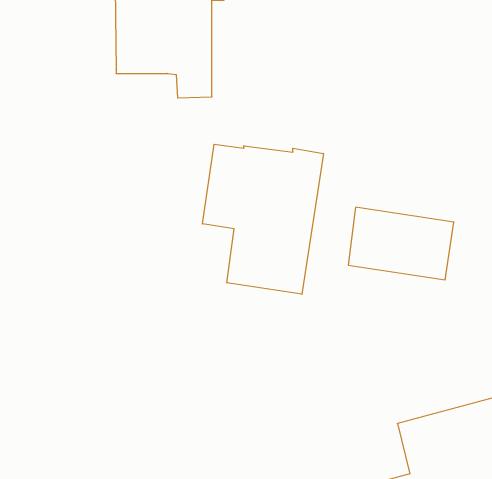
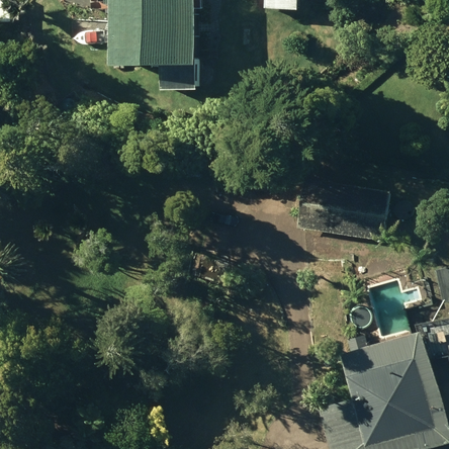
building: [202,144,323,294] -> none

